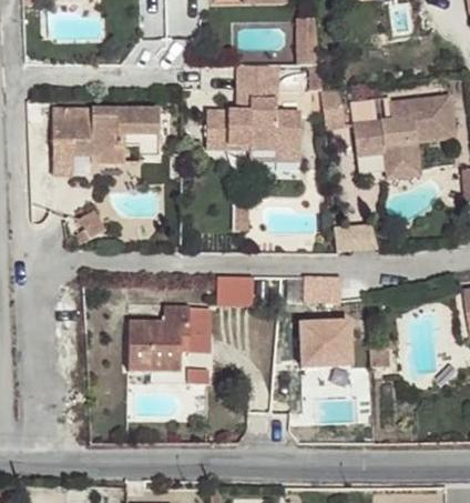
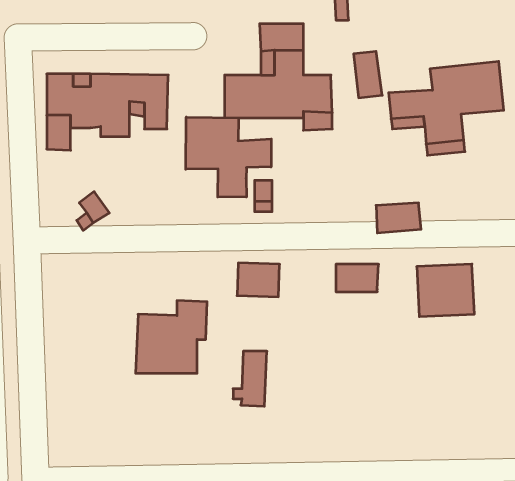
building: none -> [186,117,271,197]
building: [182,310,212,359] -> [233,351,267,406]
building: [298,321,349,368] -> [417,264,474,317]

